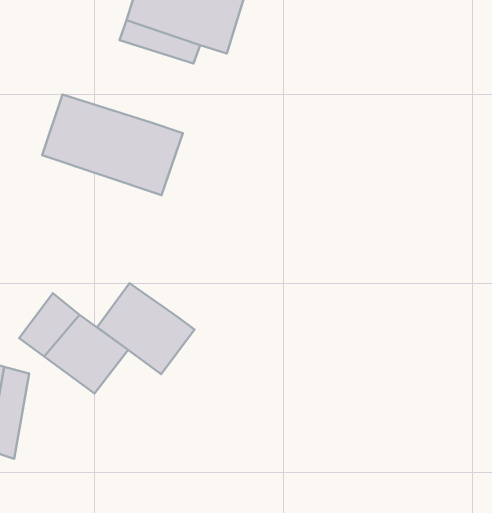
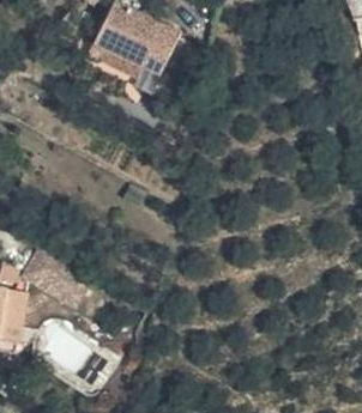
building: [42,95,183,195] -> none
building: [97,283,194,374] -> none

